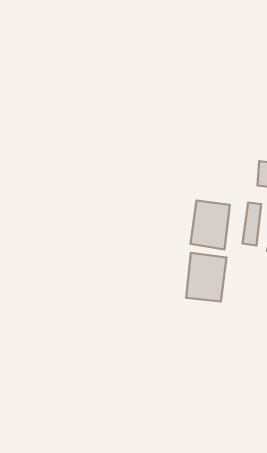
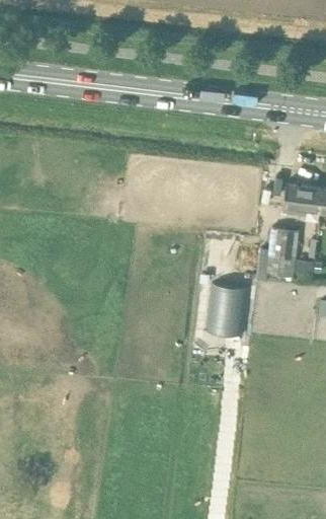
building: [190,201,230,249] -> none

